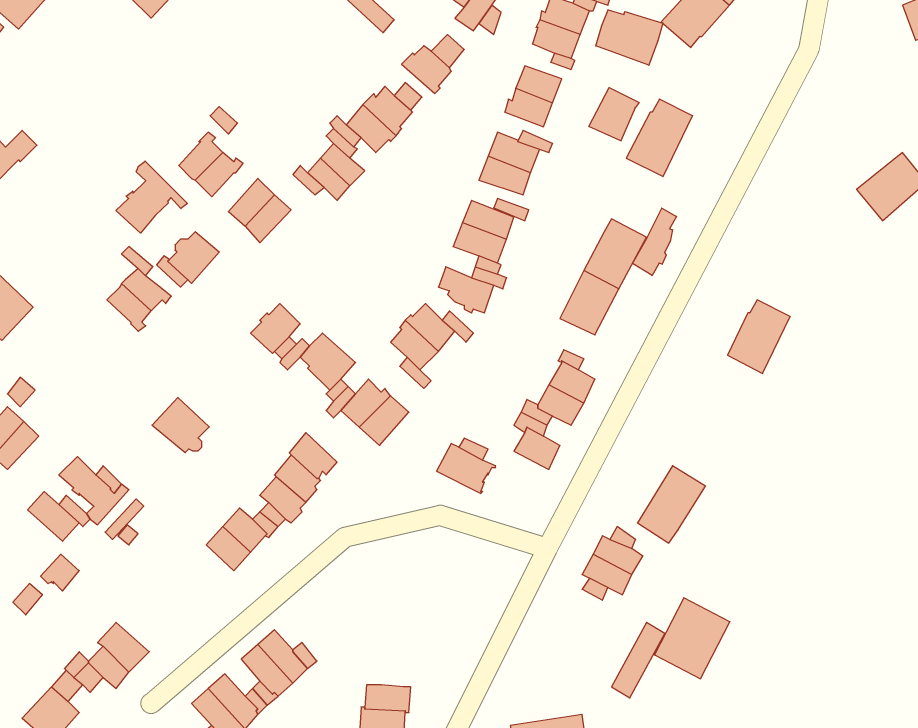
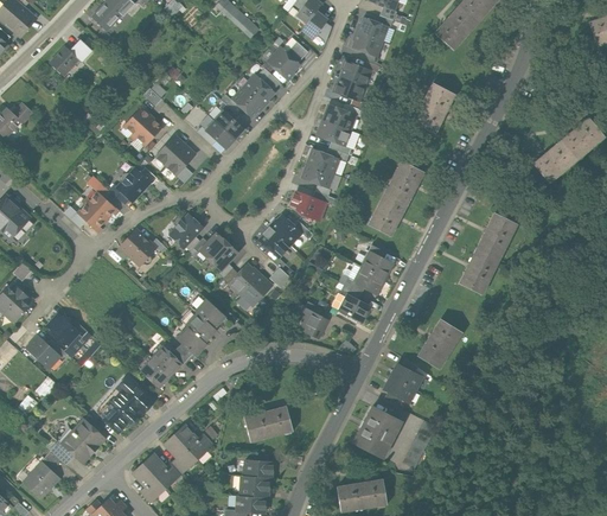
building: [596,10,663,65] -> none
building: none -> [50,42,90,76]
building: [589,88,639,141] -> none
building: [116,161,187,233] -> none
building: none -> [533,141,576,183]
building: [633,208,677,276] -> none
building: none -> [460,248,499,293]
building: [152,397,209,453] -> [119,229,155,265]
building: none -> [104,377,153,432]
building: [654,598,730,679] -> [353,406,402,458]
building: none -> [244,406,293,440]

